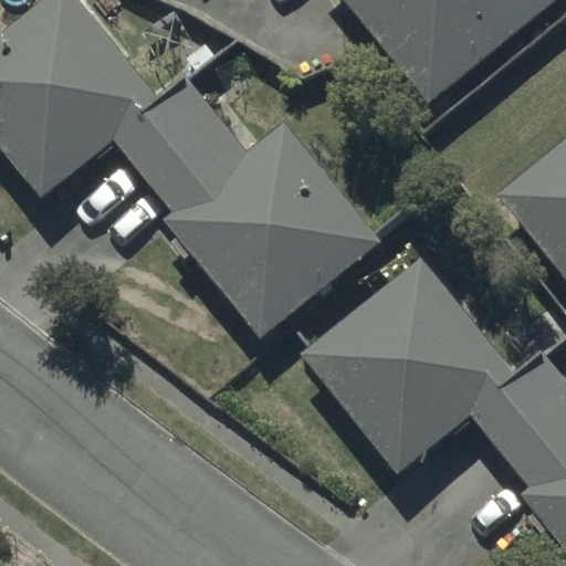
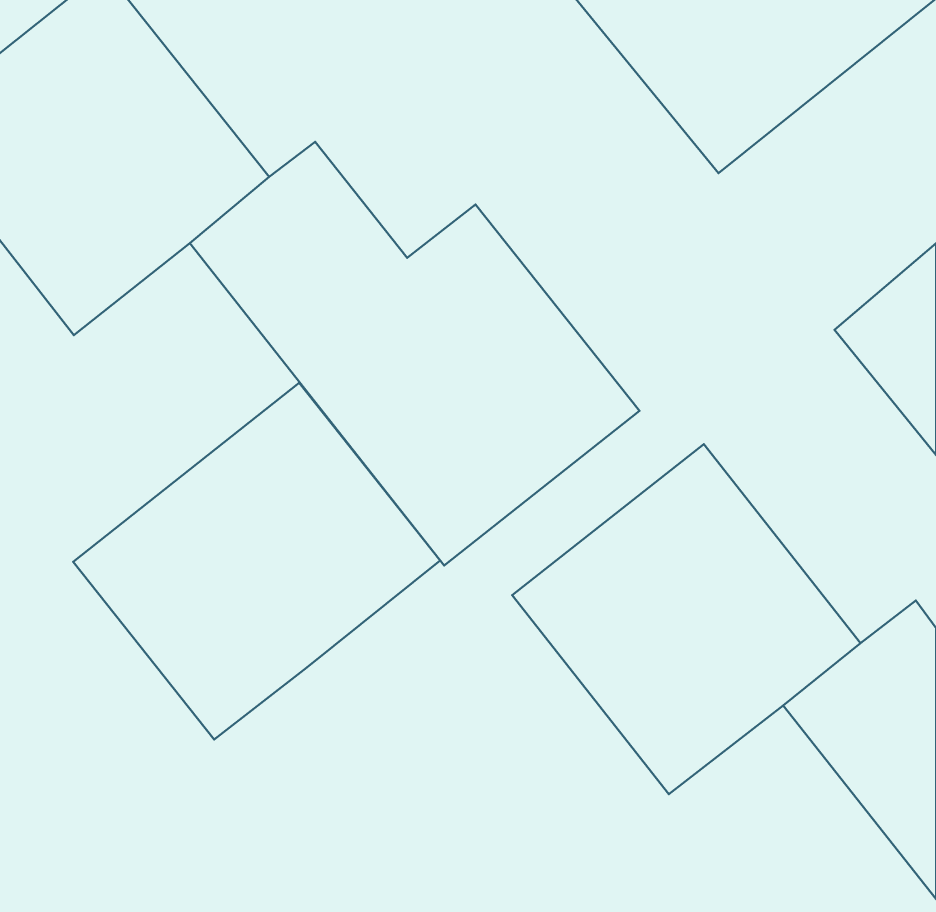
building: none -> [73,383,440,739]

